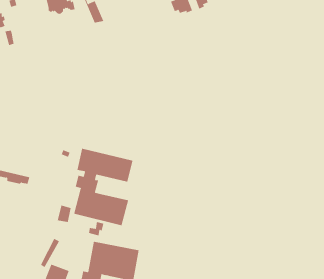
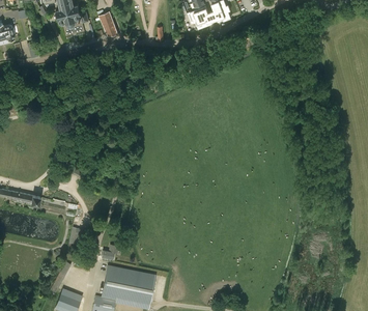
building: [74,148,133,226] -> none

